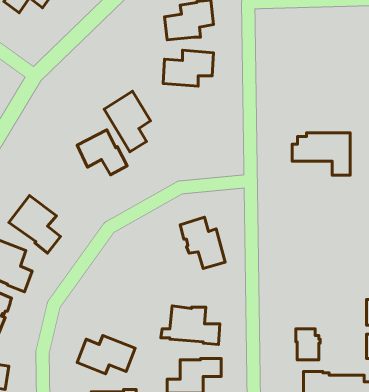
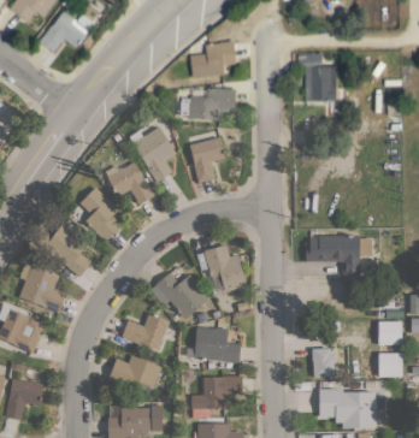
building: none -> [297,53,336,100]
building: none -> [189,136,225,182]
building: [292,133,350,175] -> [305,235,359,274]
building: none -> [79,187,122,241]
building: none -> [151,272,210,319]
building: none -> [122,313,170,350]

